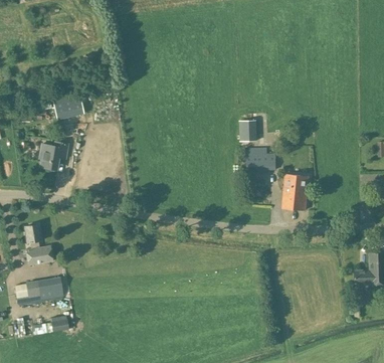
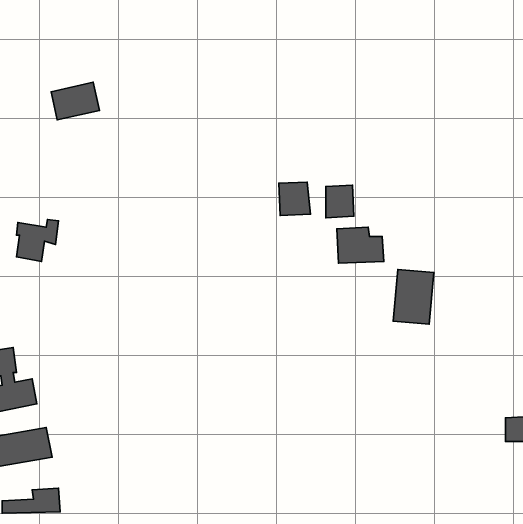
building: [51,96,82,120] -> [51,82,100,120]
building: none -> [279,182,311,216]

